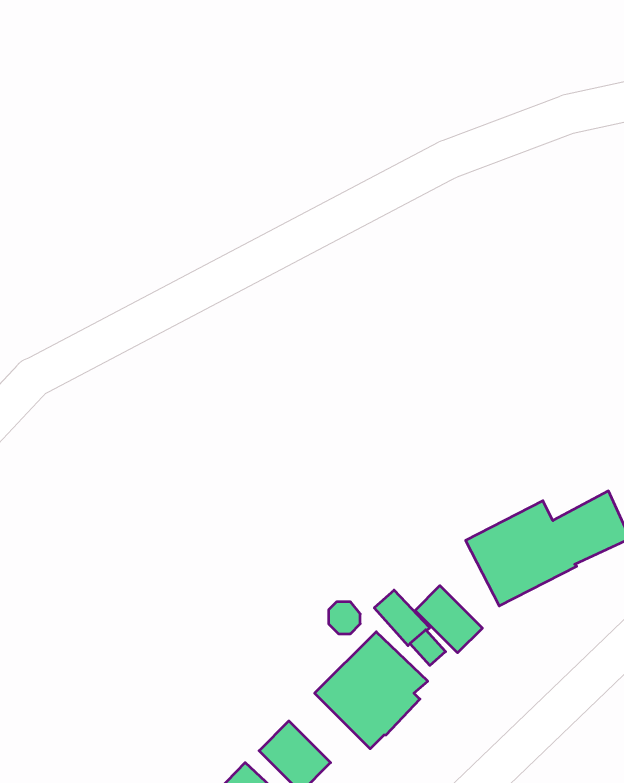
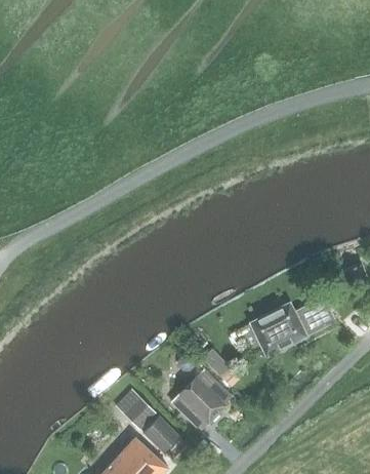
building: [415,586,482,653] -> none
building: none -> [116,390,156,430]

